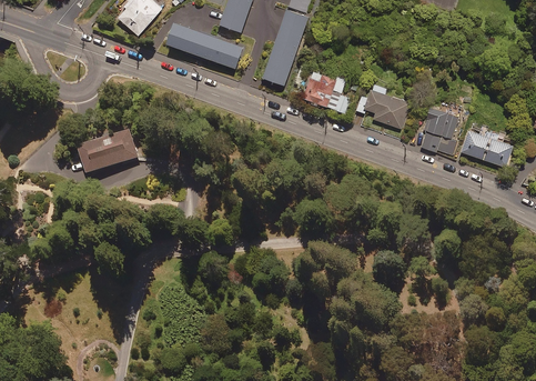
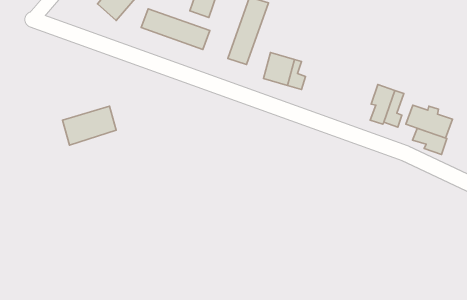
building: [355,83,408,128] -> none
building: none -> [413,128,447,154]

